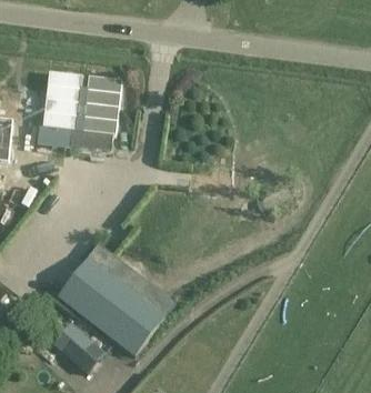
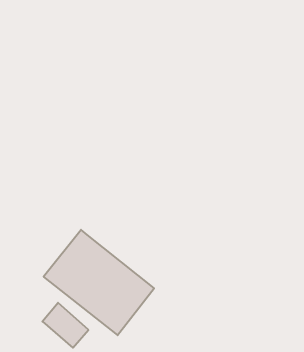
building: [42,73,121,152] -> none

